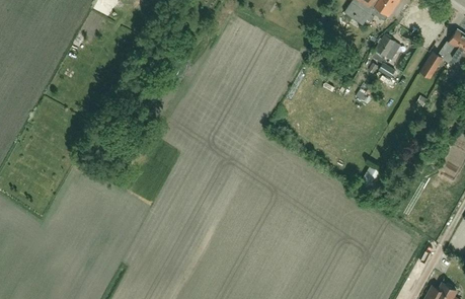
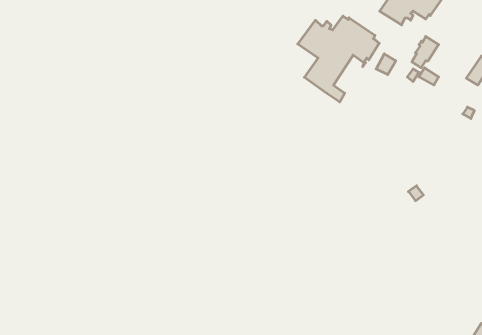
building: none -> [298,16,379,102]

